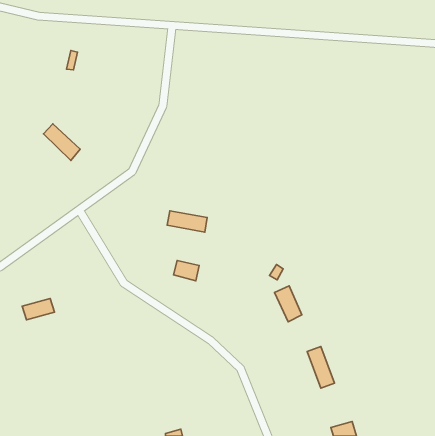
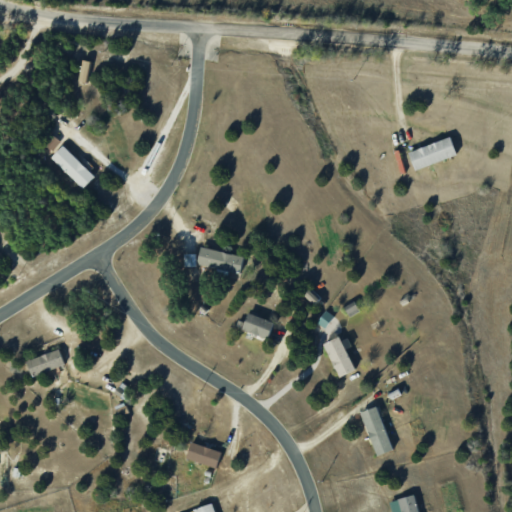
building: none -> [408,136,456,170]
building: [174,260,199,281] -> [242,313,272,337]
building: none -> [186,441,221,467]

